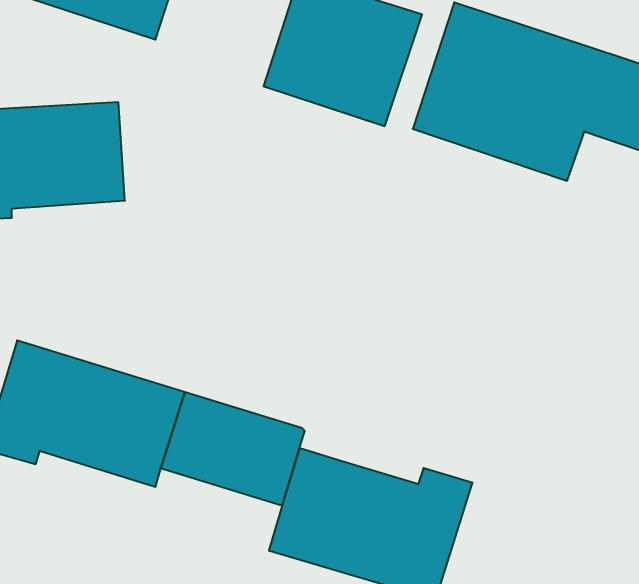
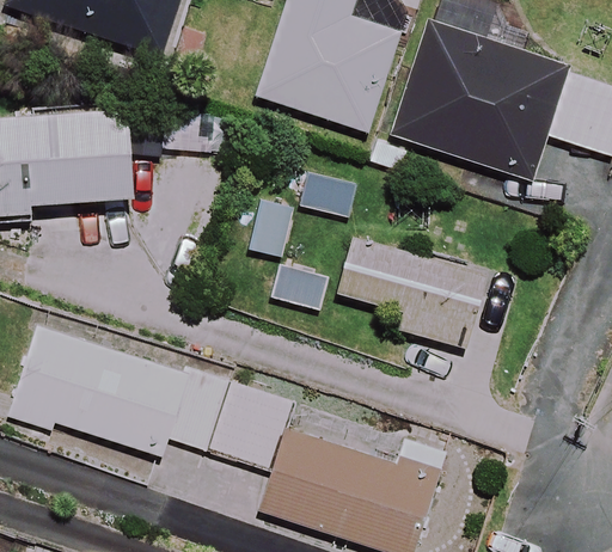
building: none -> [337,238,484,348]

